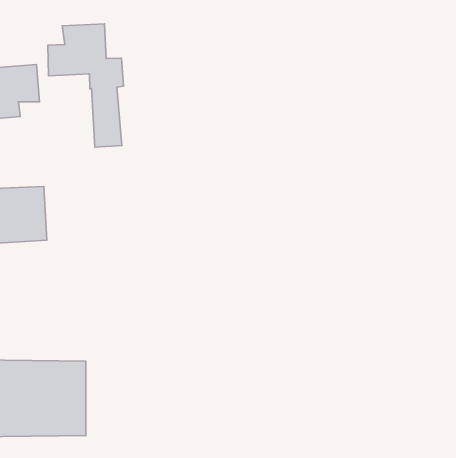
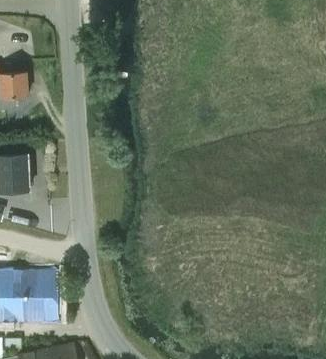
building: [48,24,124,147] -> none

